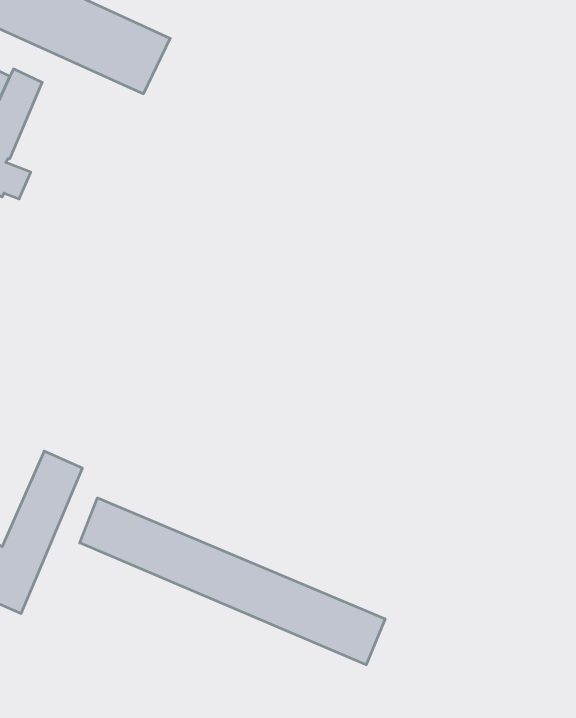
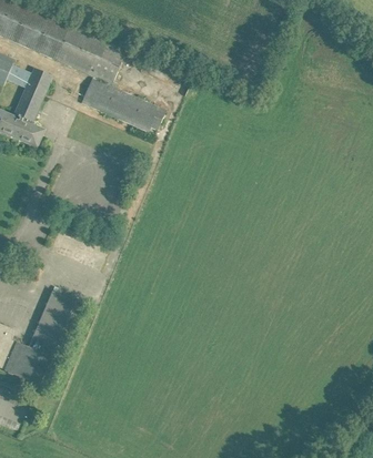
building: none -> [79,78,164,132]
building: [80,498,385,665] -> none

